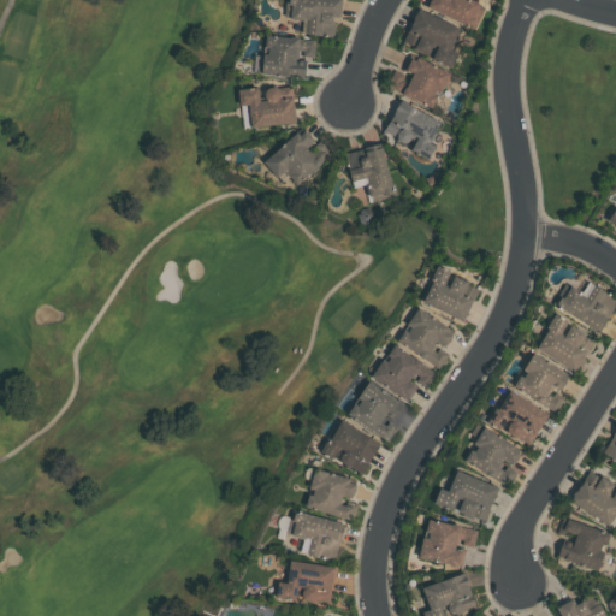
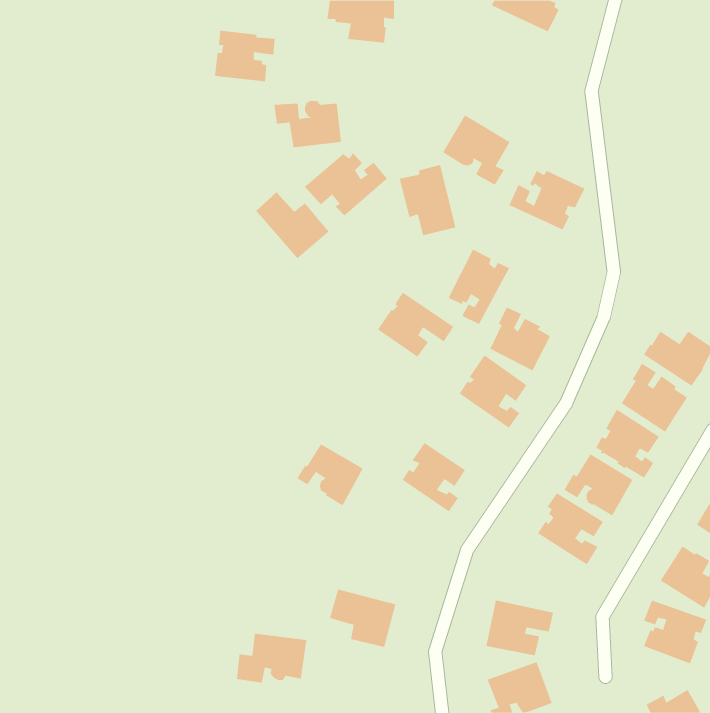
building: [404,11,460,67] -> none
building: [262,35,315,79] -> [214,30,275,82]
building: [386,58,452,109] -> [508,170,585,230]
building: none -> [255,191,329,259]
building: none -> [448,249,510,325]
building: [373,344,439,401] -> [377,292,454,358]
building: [322,421,380,475] -> [297,443,364,506]
building: [307,467,357,519] -> none
building: [434,470,498,522] -> none
building: [274,561,336,604] -> [236,633,307,683]

